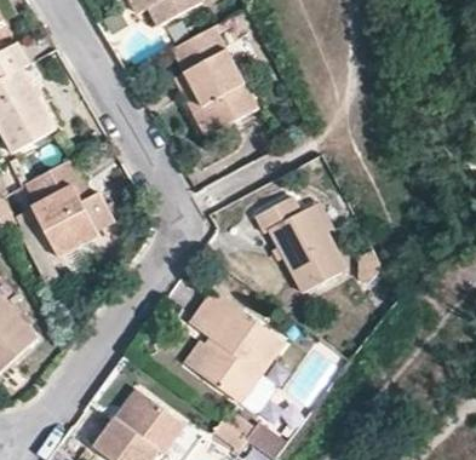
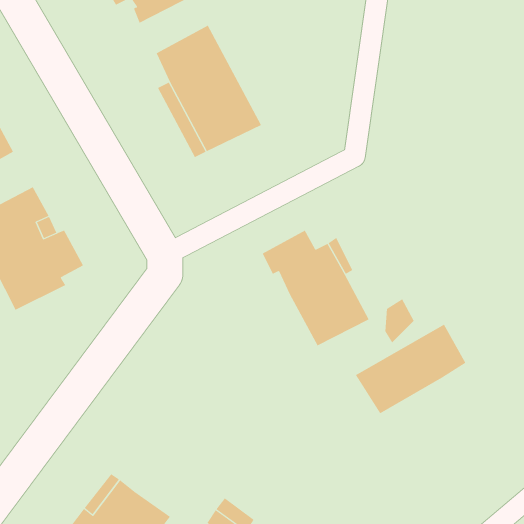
building: none -> [355,324,466,414]
building: [190,292,283,403] -> none

